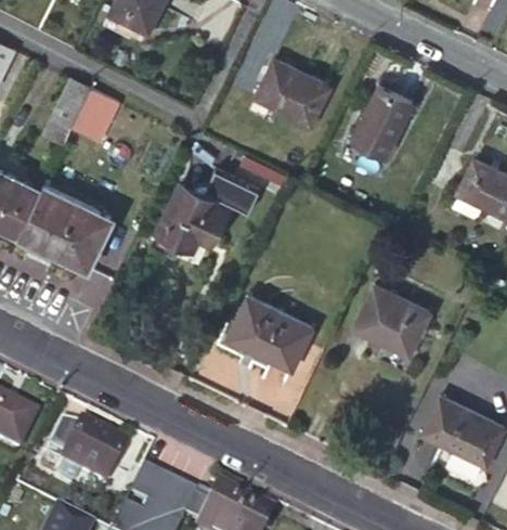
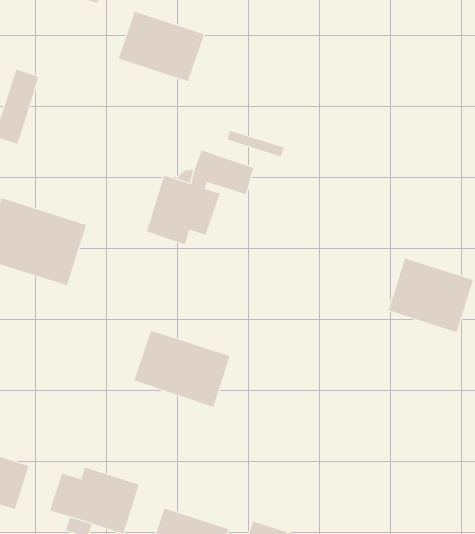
building: [252,64,328,130] -> [118,11,205,82]
building: [350,87,413,163] -> none
building: [73,89,120,142] -> none
building: [229,298,313,371] -> [133,330,231,407]

